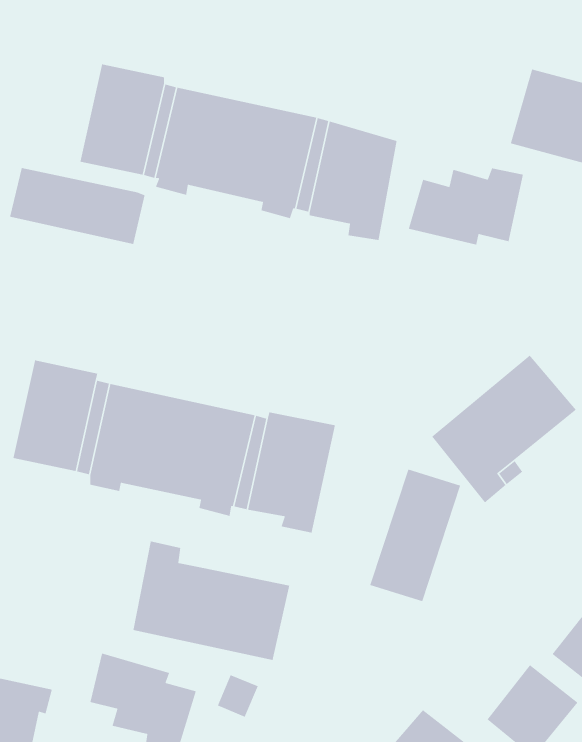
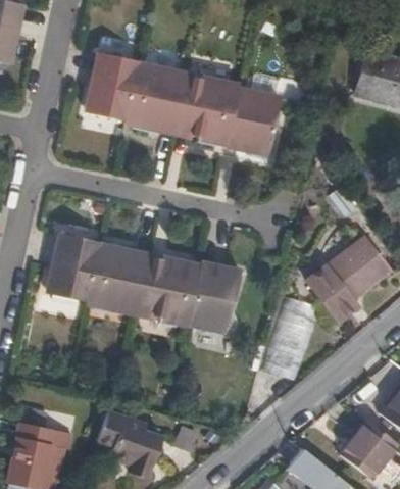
building: [9,167,146,245] -> none
building: [408,168,524,245] -> none
building: [132,540,290,661] -> none

